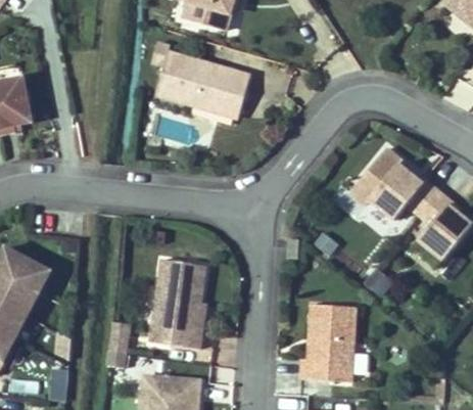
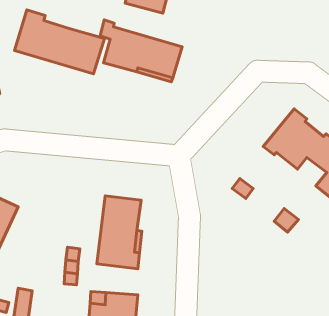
building: none -> [15,10,104,74]
building: [300,297,356,375] -> none

